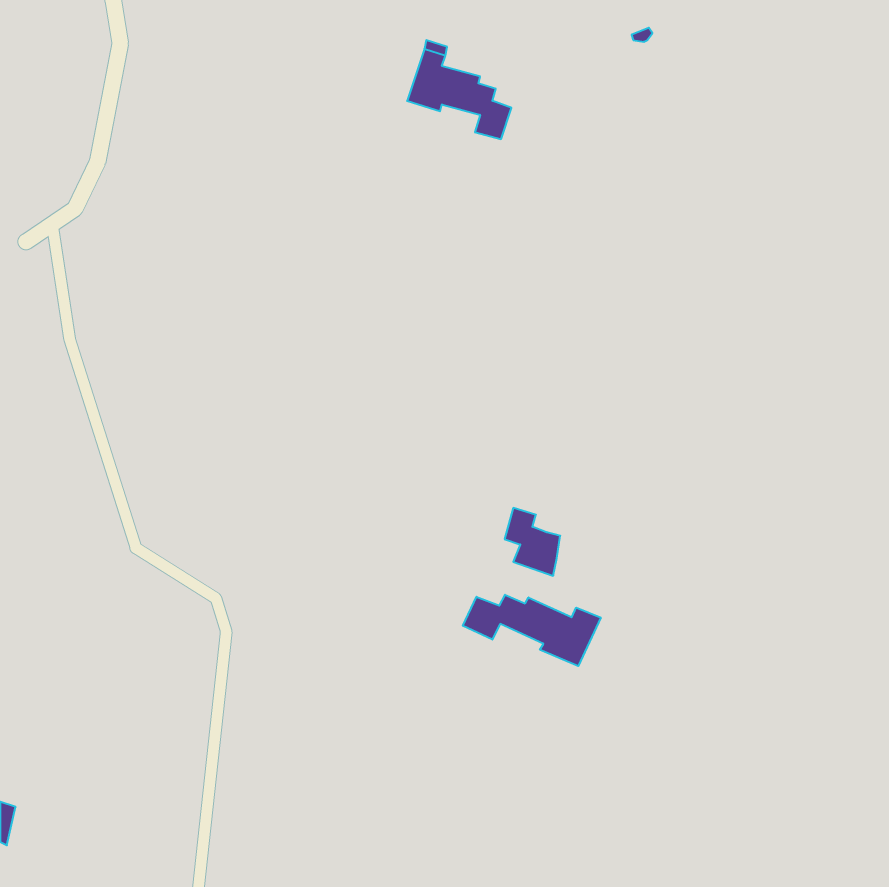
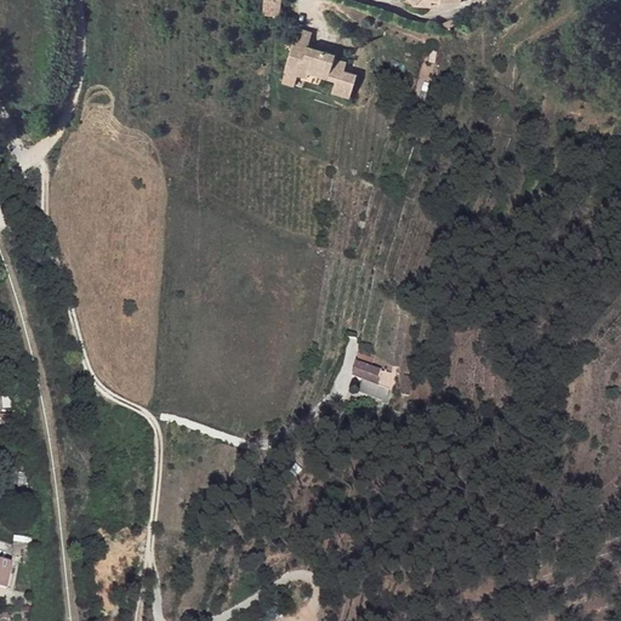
building: [463,595,601,666] -> none

